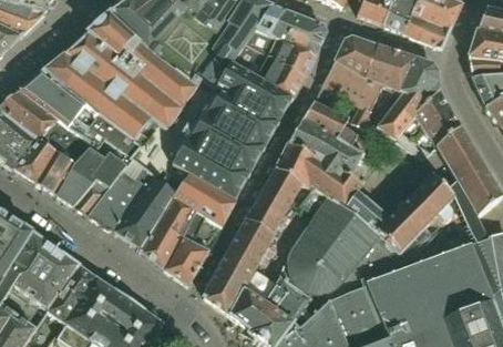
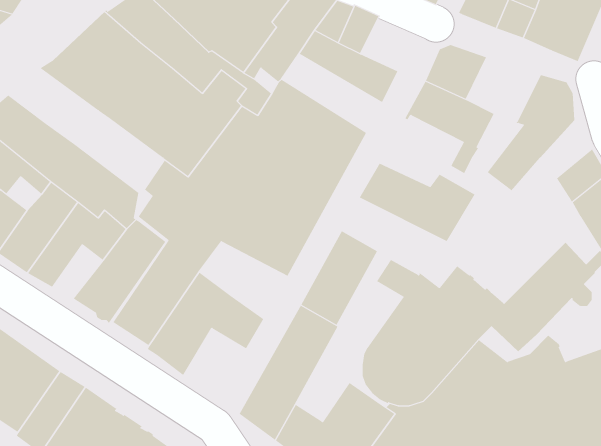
building: [289,14,326,53] -> none
building: [234,41,305,96] -> none
building: [363,43,415,89] -> none
building: [42,51,151,139] -> none
building: [415,88,452,129] -> none
building: [302,100,349,134] -> none
building: [276,142,362,205] -> none
building: [176,173,238,227] -> none
building: [73,175,109,213] -> none
building: [165,234,209,283] -> none

